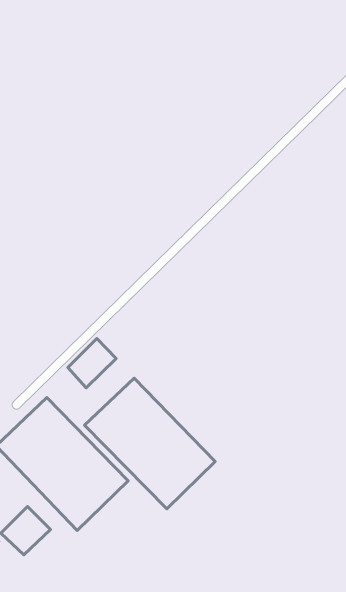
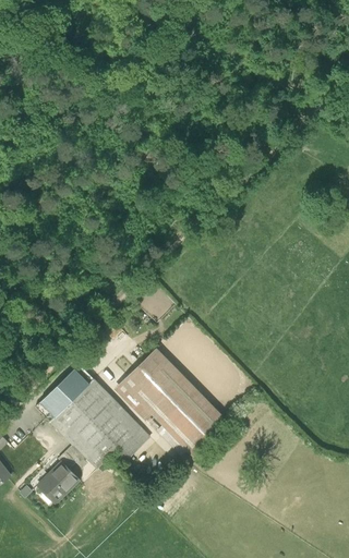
building: [68,338,116,388] -> none

